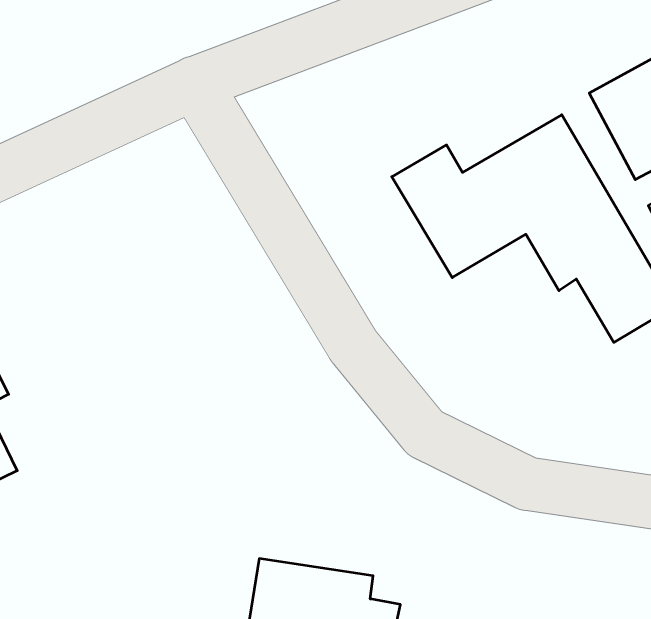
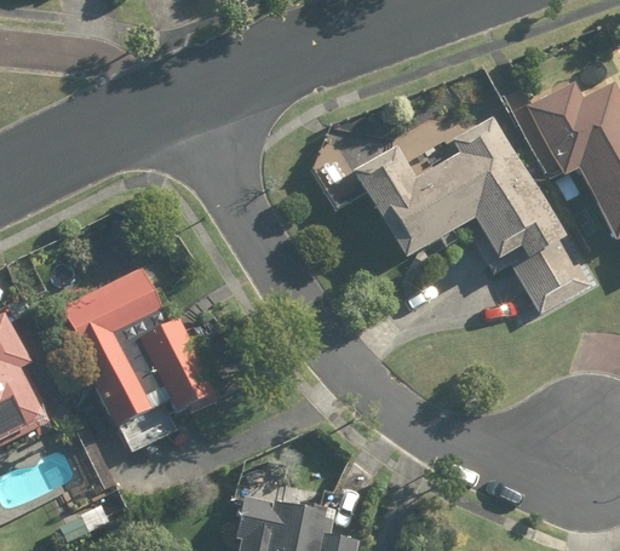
building: none -> [50,262,219,431]

